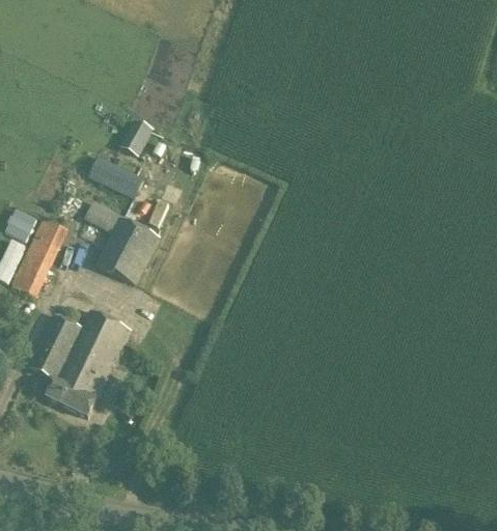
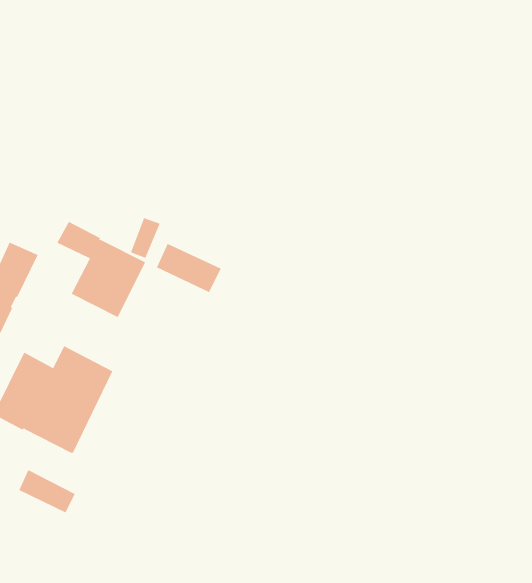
building: [120,117,154,155] -> none
building: [89,156,145,198] -> [156,243,221,293]
building: [48,379,96,416] -> [19,470,75,513]

